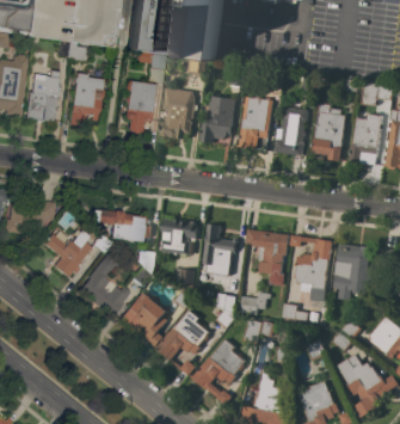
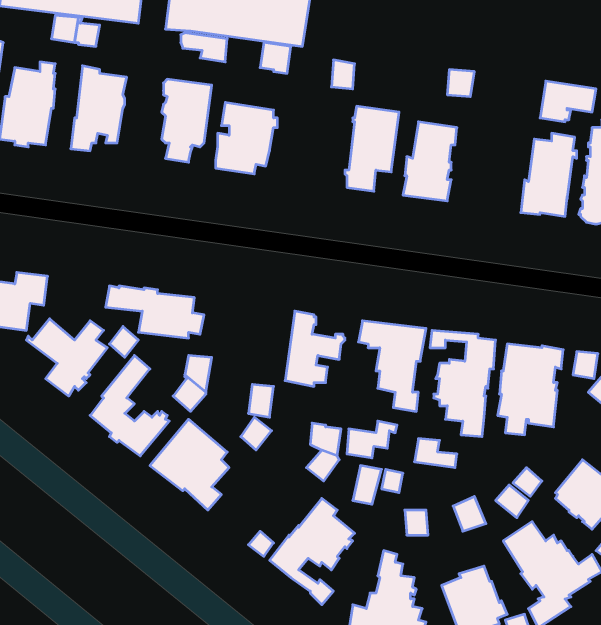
building: [199,96,235,143] -> none
building: [312,103,345,161] -> none
building: [161,219,198,254] -> none
building: [155,311,209,360] -> none

